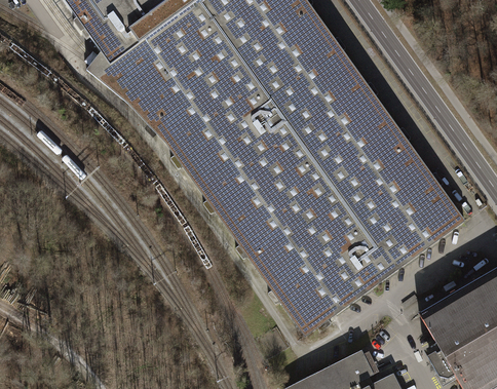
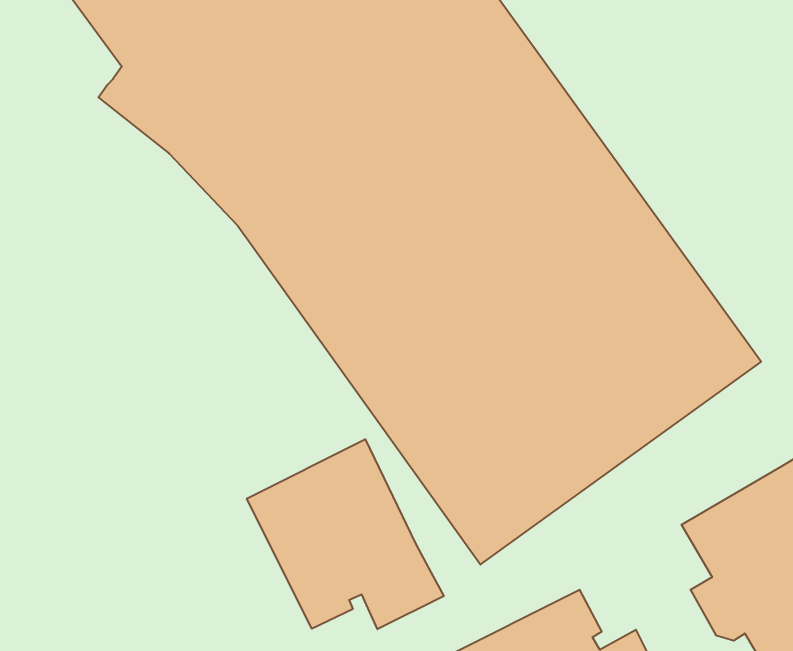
building: none -> [247,439,444,629]

